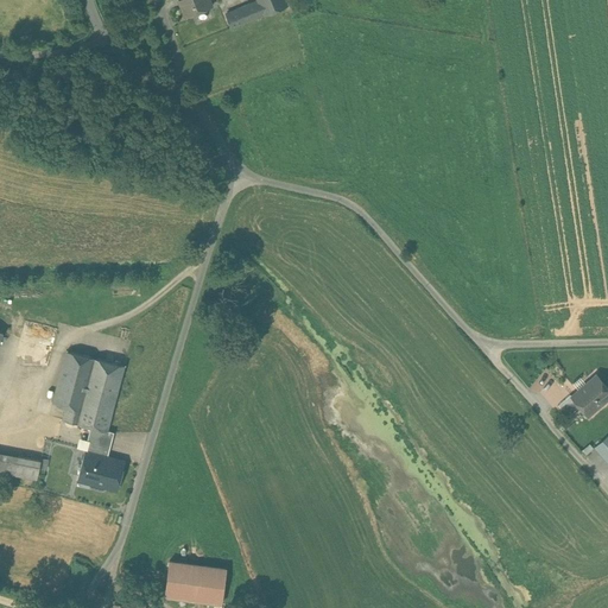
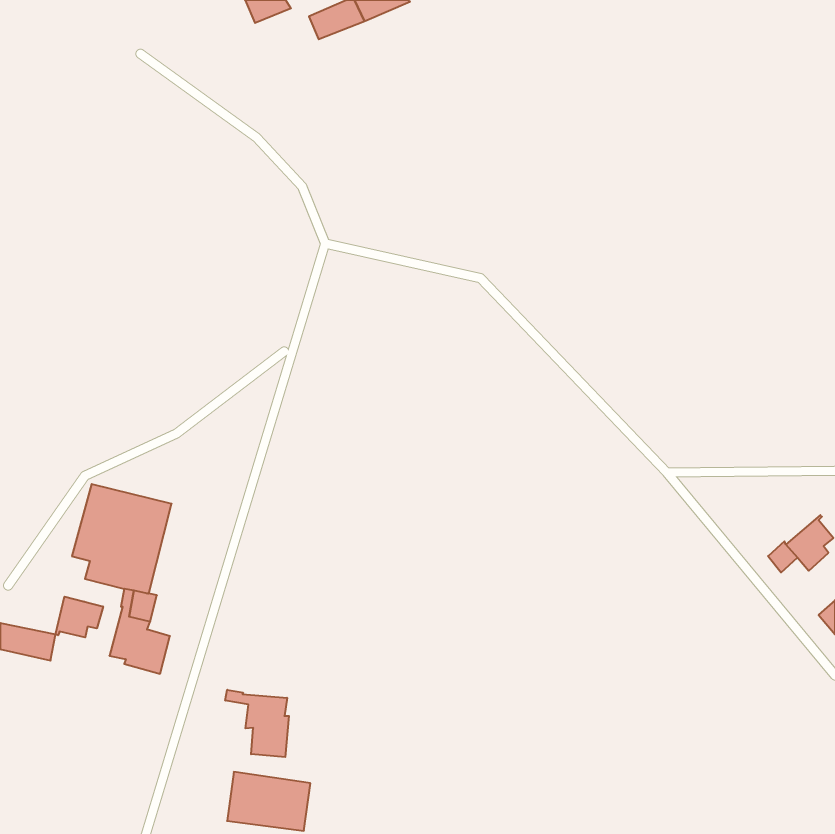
building: none -> [56,597,103,637]
building: none -> [225,690,289,757]

